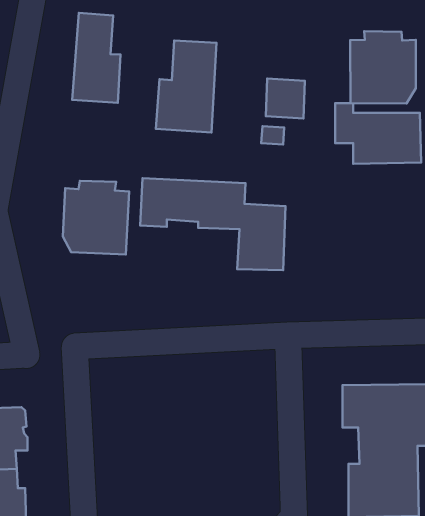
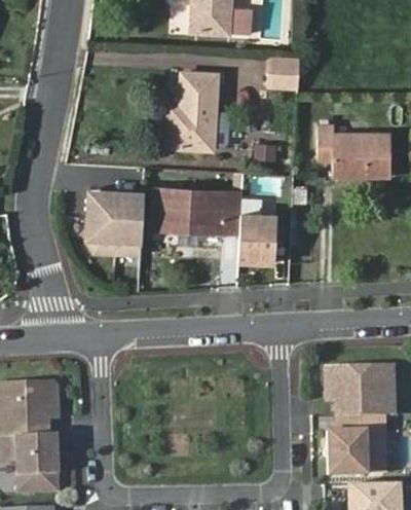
building: [72,13,121,103] -> none
building: [350,31,416,104] -> none
building: [266,79,305,118] -> [267,56,300,89]

